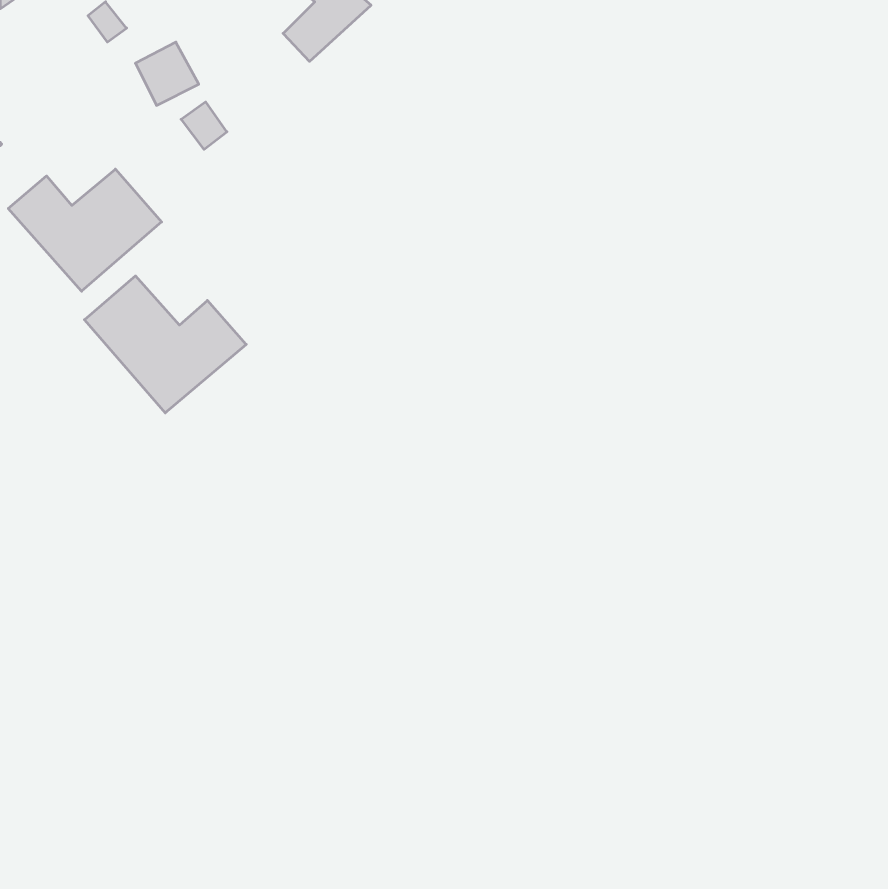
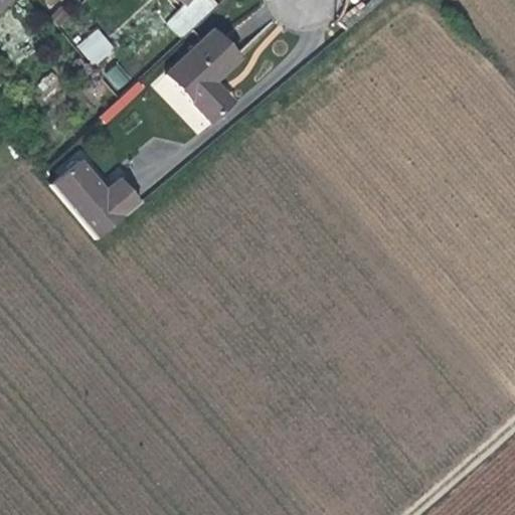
building: none -> [166,28,241,121]
building: [8,169,162,291] -> none

